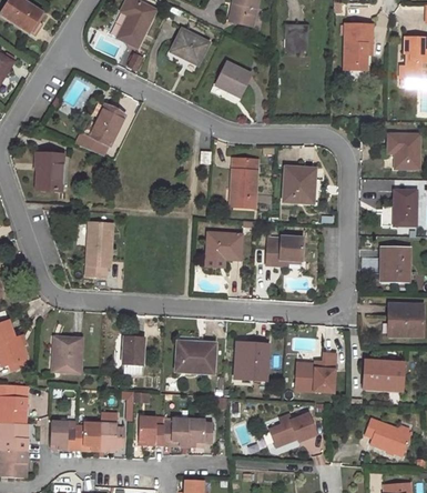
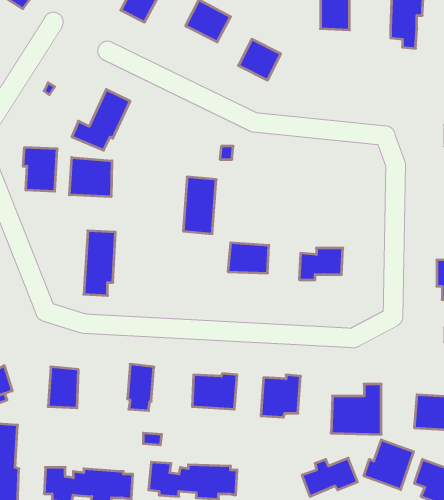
building: [230,159,257,207] -> [183,177,216,234]
building: none -> [69,157,112,197]
building: [283,167,315,202] -> none
building: none -> [364,440,414,490]

